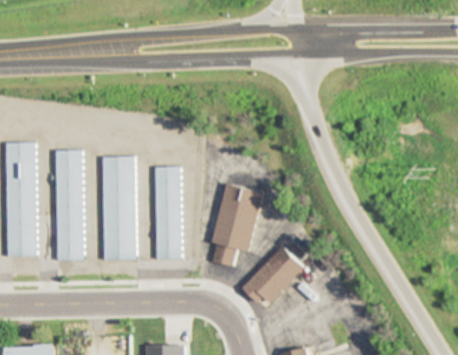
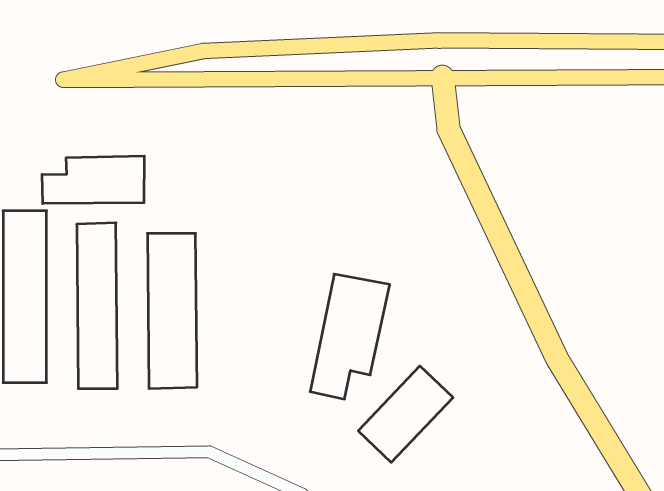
building: none -> [42,156,144,204]
building: [155,167,180,259] -> none

